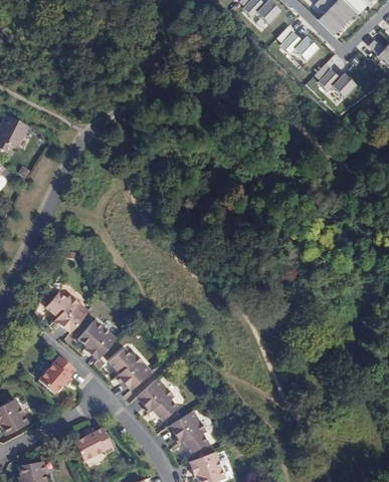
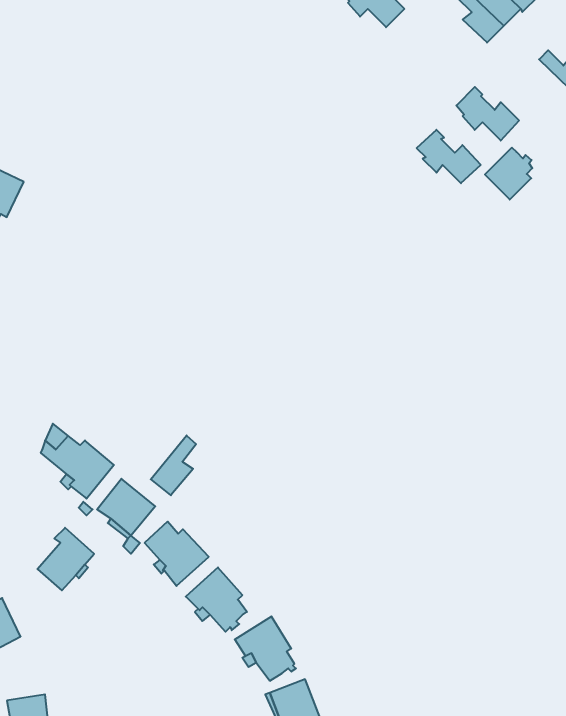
building: [275,26,318,61] -> [417,130,481,183]
building: none -> [485,148,532,200]
building: none -> [151,435,196,495]
building: [72,428,113,461] -> none

